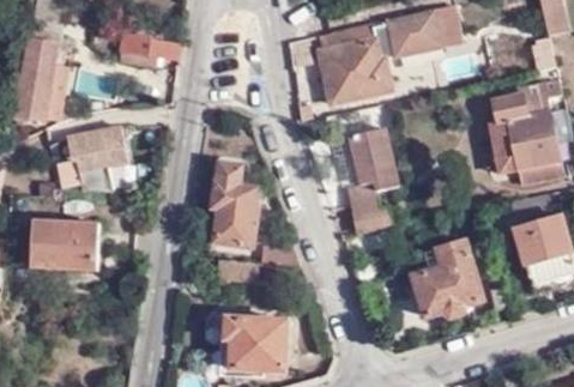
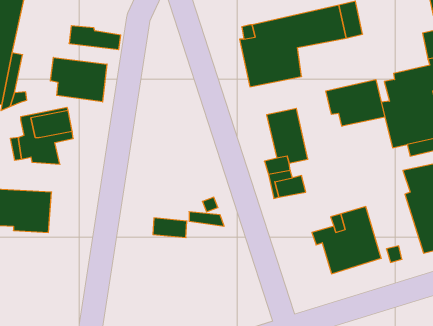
building: none -> [50,57,107,102]
building: none -> [326,80,385,126]
building: [206,158,261,244] -> none
building: [219,313,291,369] -> none

